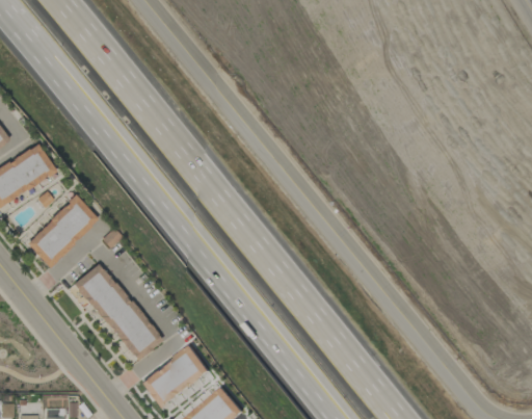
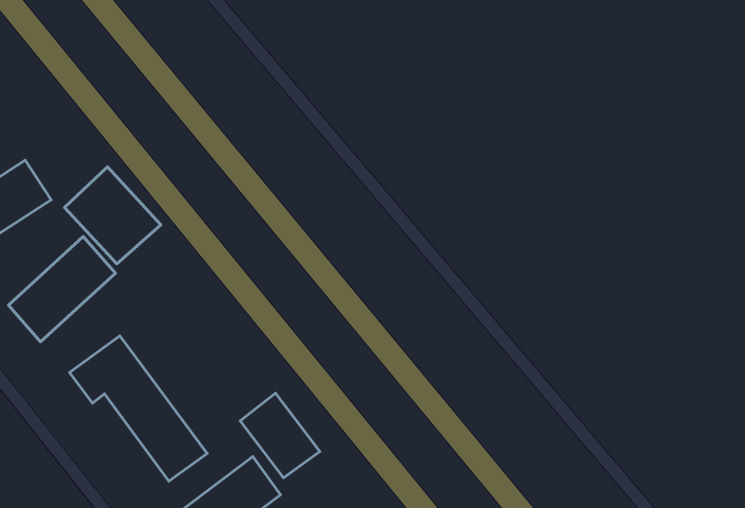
building: none -> [65,167,161,264]
building: none -> [240,393,320,478]

